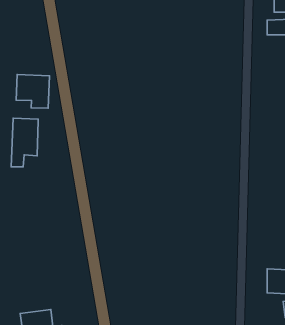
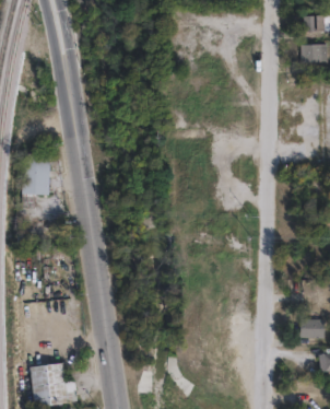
building: [16,74,50,108] -> none

